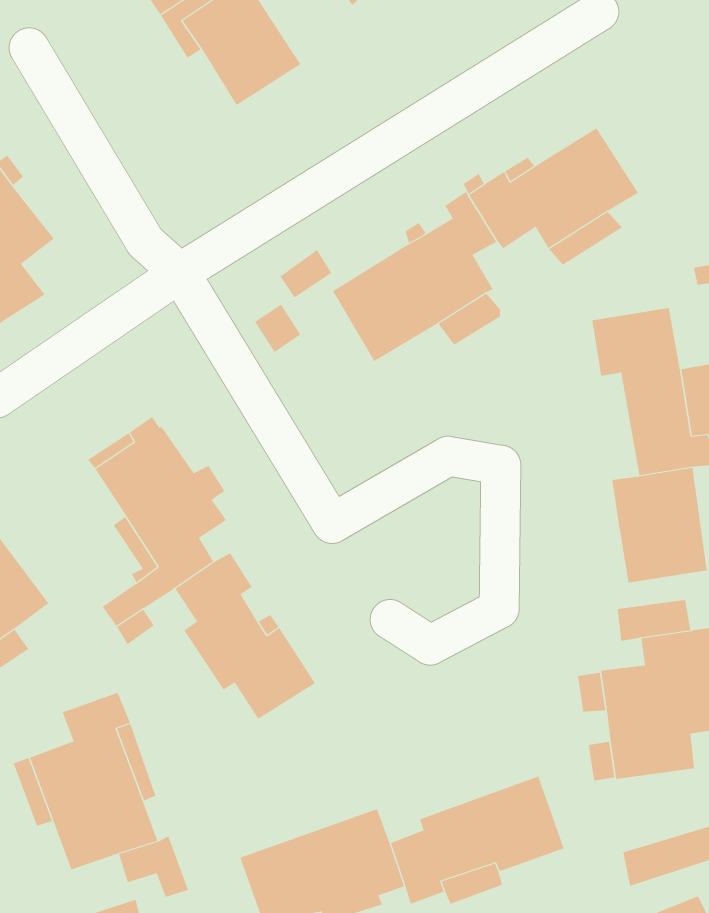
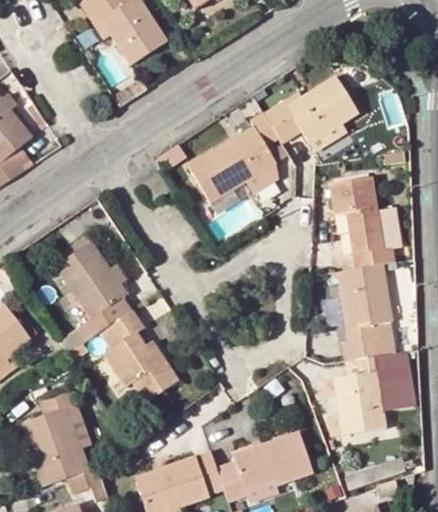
building: none -> [335,290,381,341]

